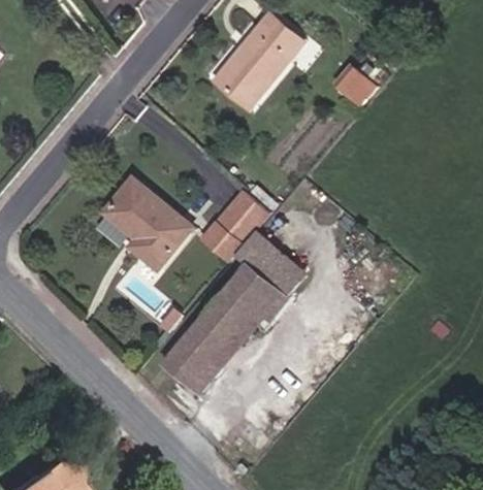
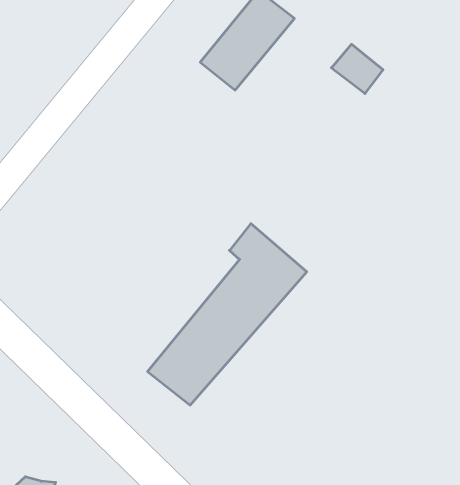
building: [101,176,195,271] -> none
building: [199,190,269,264] -> none

